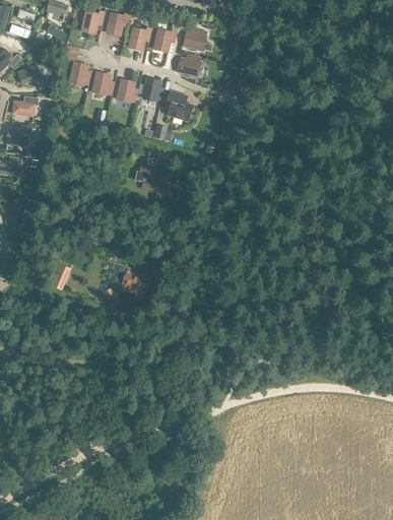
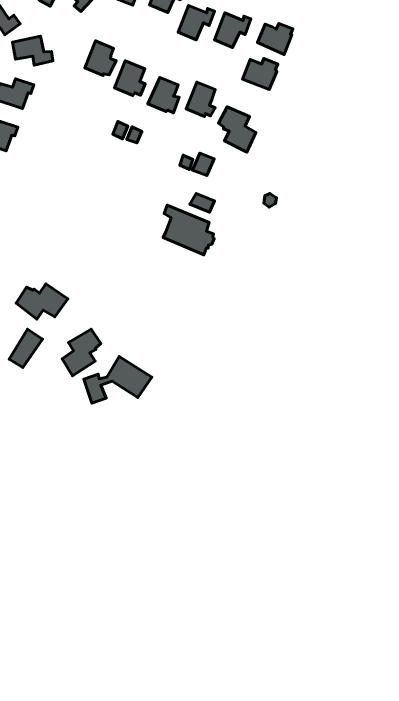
building: none -> [16,284,68,319]
building: none -> [62,329,101,376]

